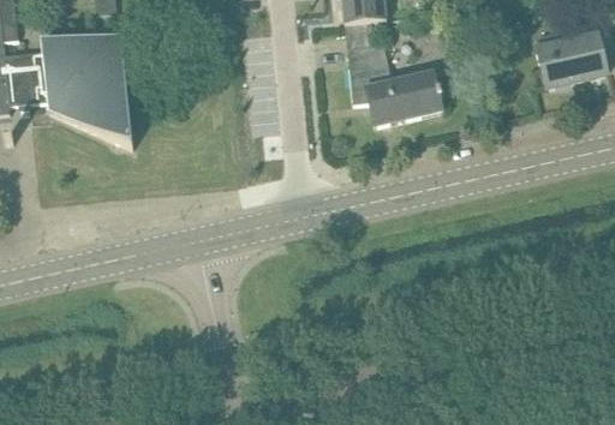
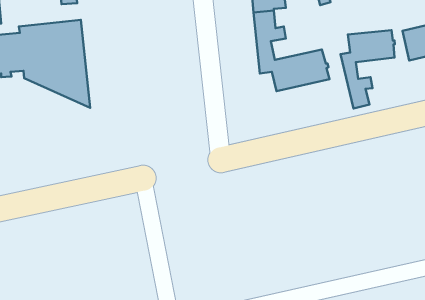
building: none -> [340,30,395,109]

